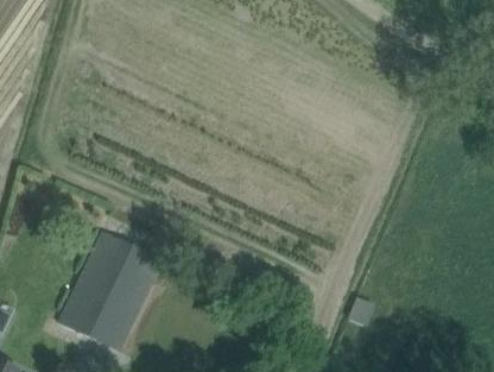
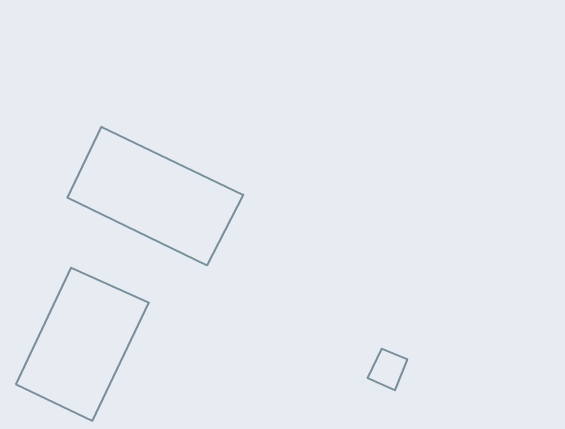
building: none -> [67,127,243,265]

